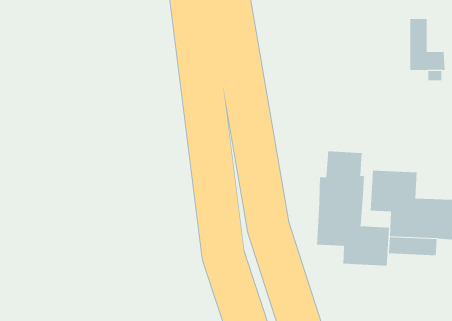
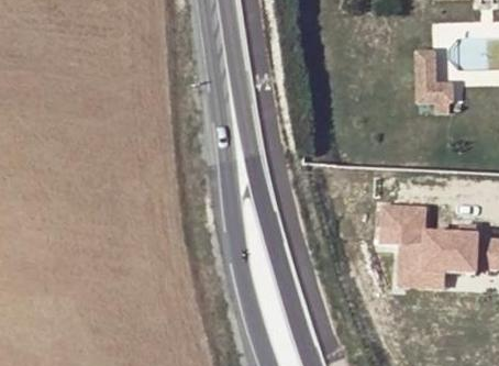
building: [316,150,389,266] -> none

